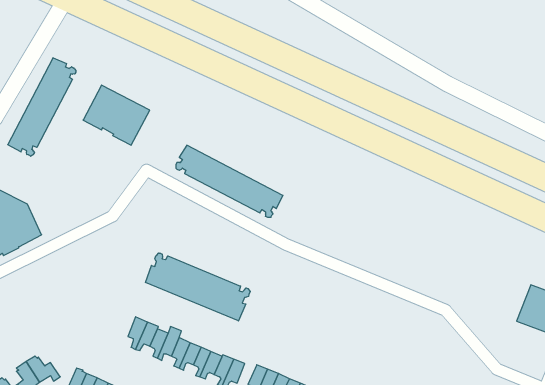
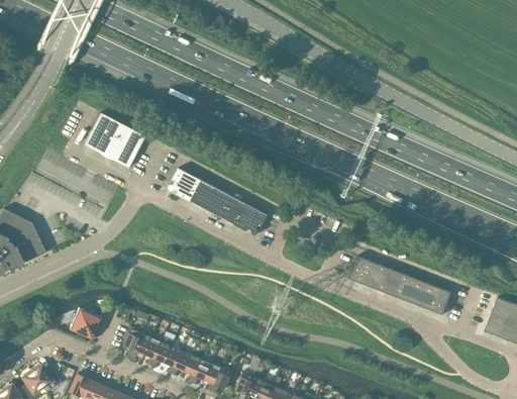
building: [8,58,76,156] -> none
building: none -> [348,257,451,315]
building: [146,253,250,321] -> none
building: none -> [69,307,101,340]

